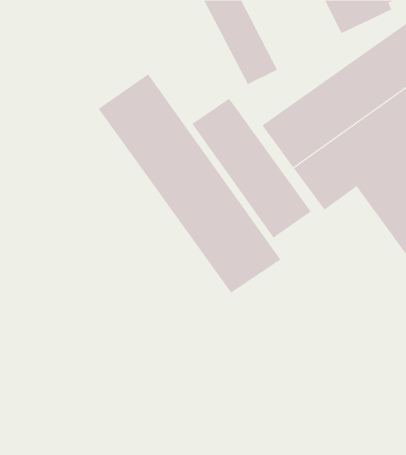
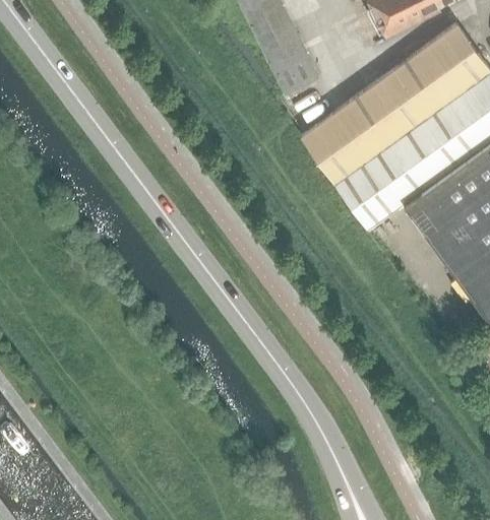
building: [98,74,281,294] -> none
building: [191,98,312,238] -> none

